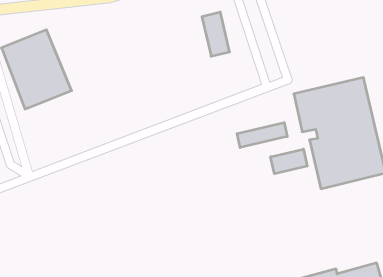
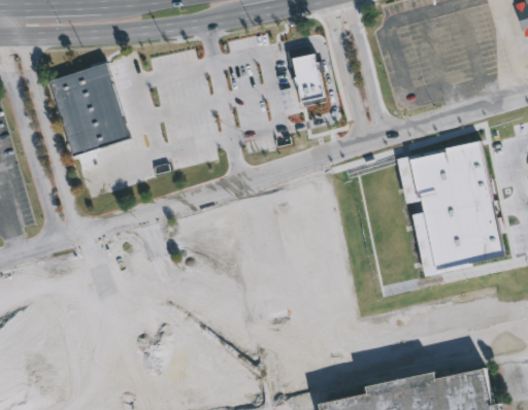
building: [237,123,287,148] -> none
building: [271,149,307,174] -> none

